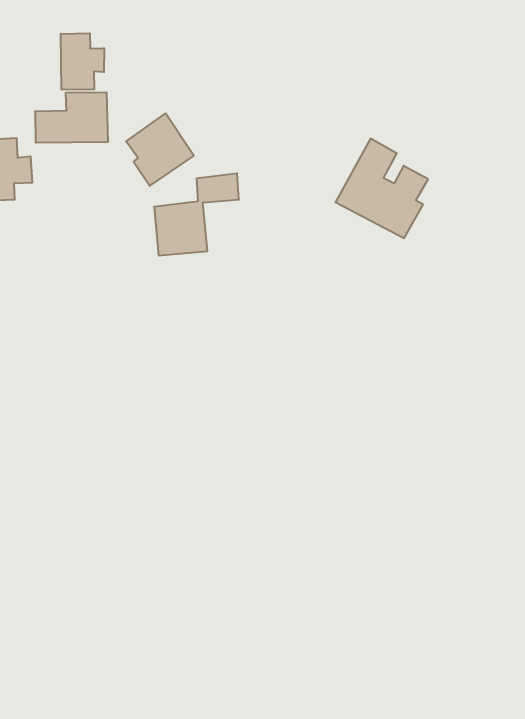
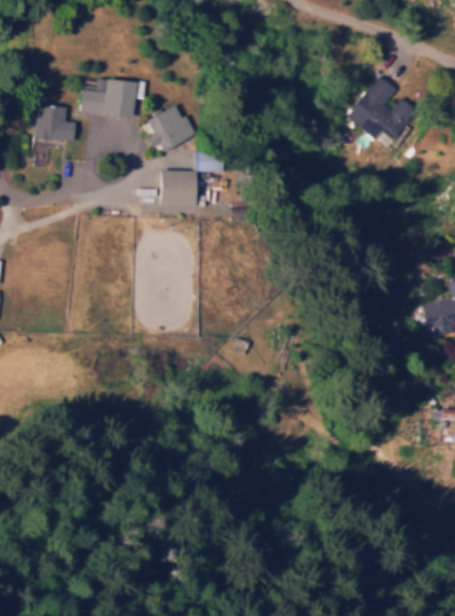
building: [61,33,104,90] -> none
building: [335,139,428,238] -> [346,75,416,151]

